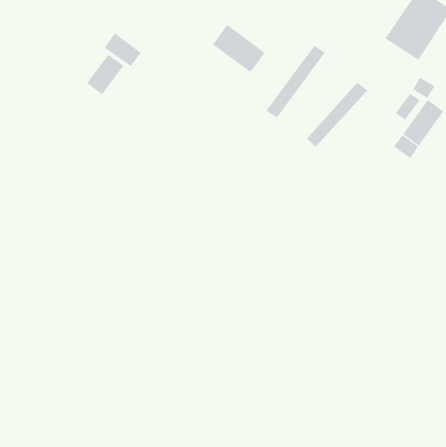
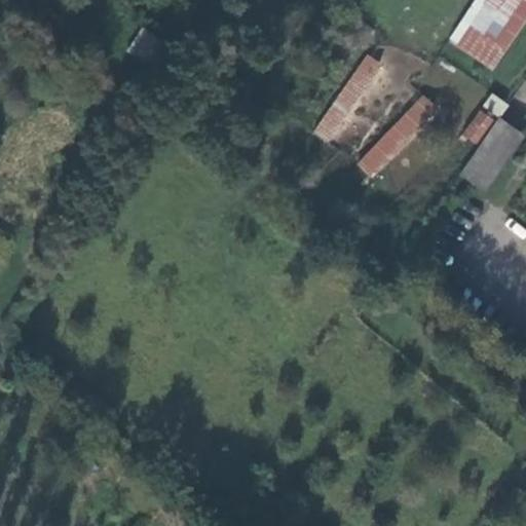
building: [212,24,266,73] -> none
building: [86,54,124,95] -> none

